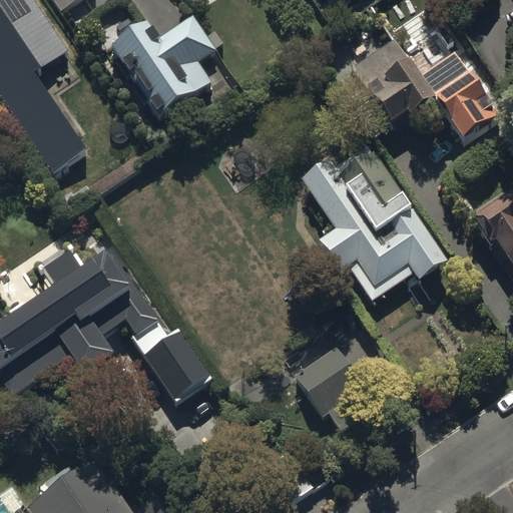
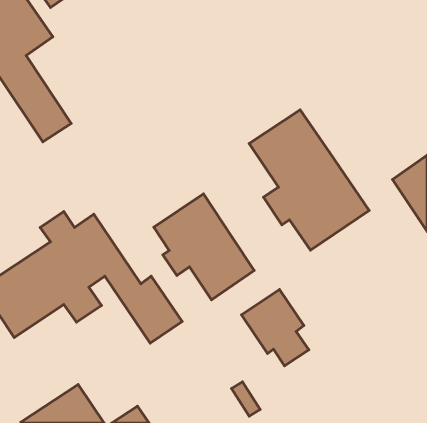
building: [107,9,214,118] -> none
building: [347,33,499,139] -> none
building: none -> [154,194,254,300]

